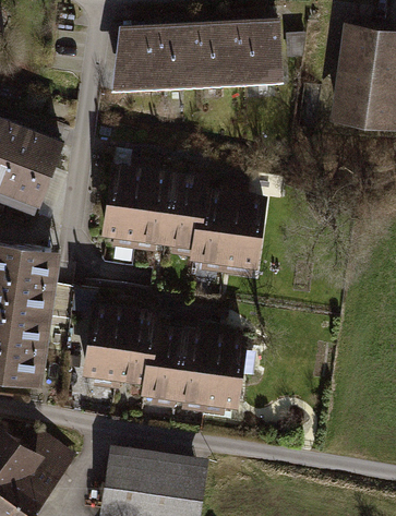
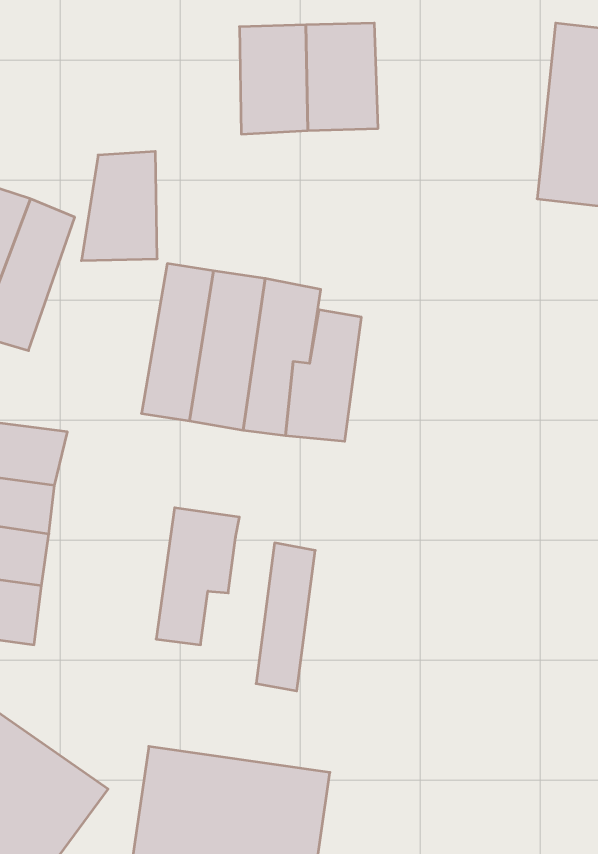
building: [241,19,279,82] -> none
building: [118,22,163,86] -> [81,151,157,261]
building: [224,193,267,271] -> none
building: [81,302,123,383] -> none
building: [137,323,182,409] -> none
building: [195,331,237,418] -> none

